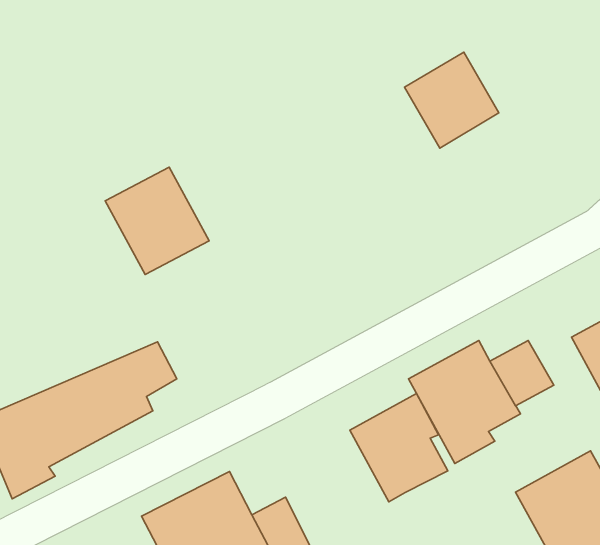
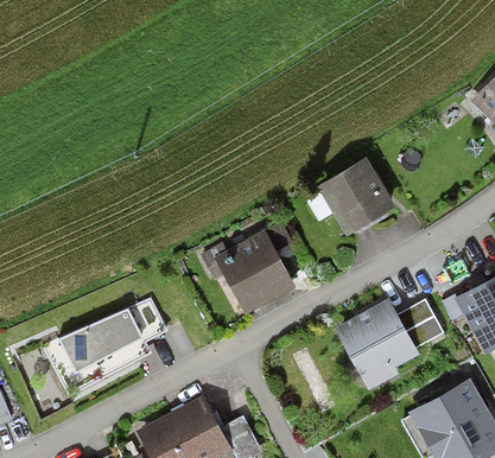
building: [405,52,499,148] -> [322,161,392,233]
building: [105,167,209,274] -> [216,233,293,312]
building: [350,394,448,502] -> none

